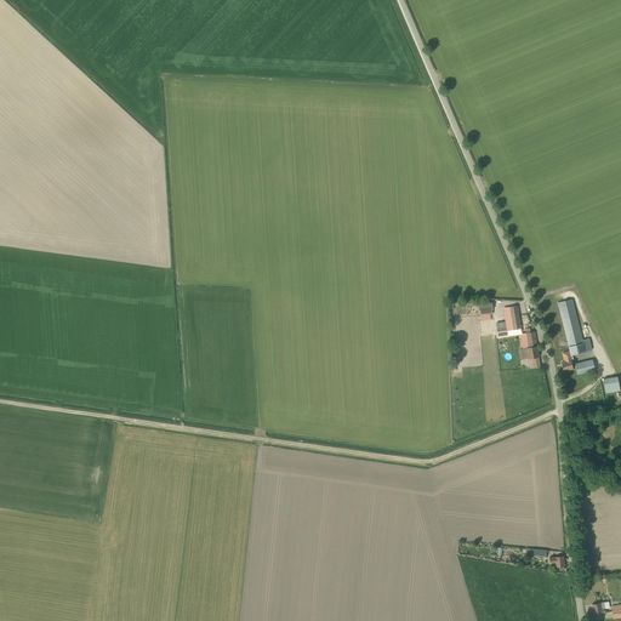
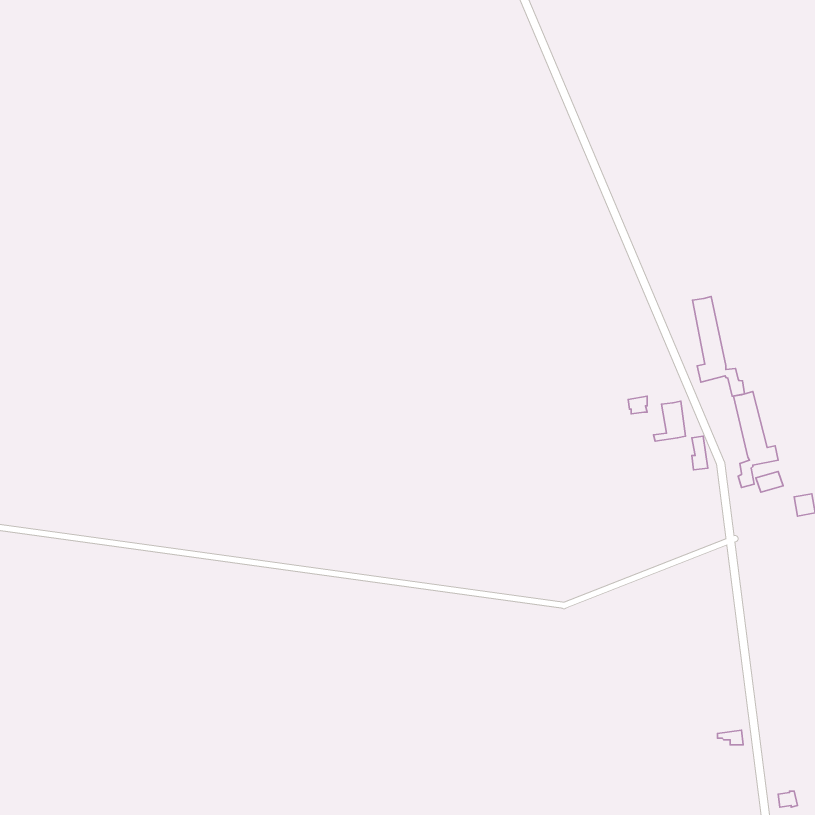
building: none -> [693,297,745,396]

